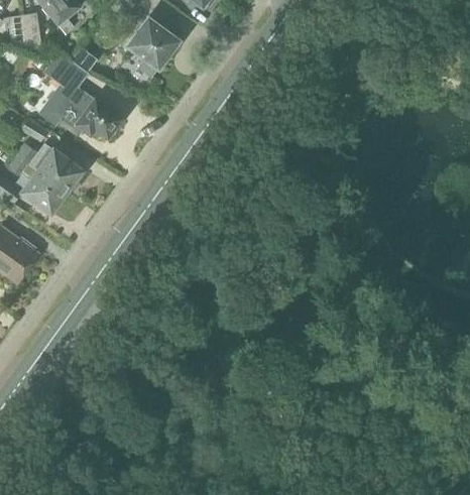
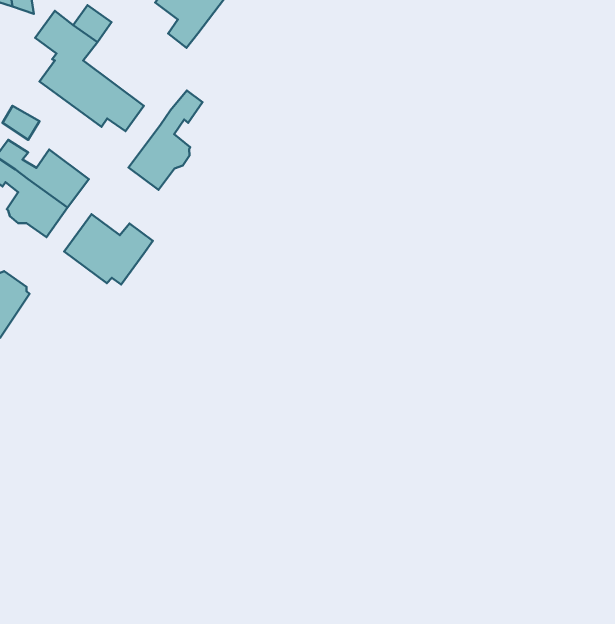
building: none -> [129,90,203,190]
building: none -> [64,214,153,285]

